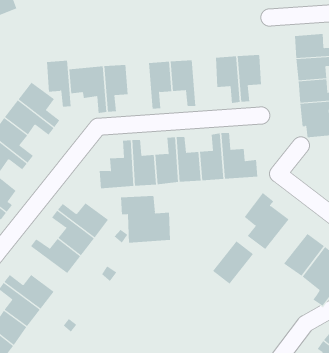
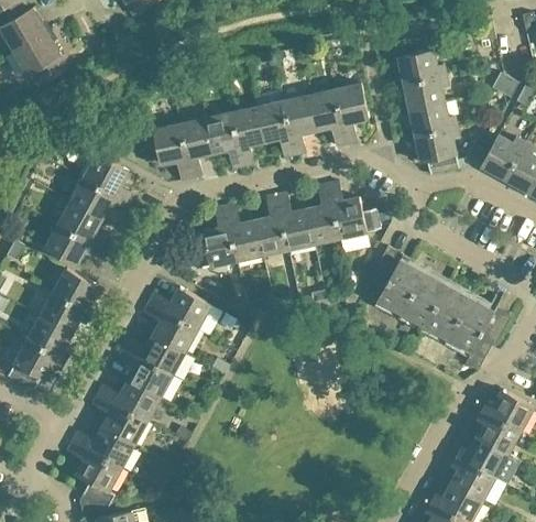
building: none -> [283,95,316,155]
building: [46,60,72,107] -> [206,112,243,168]
building: [120,195,171,244] -> none
building: [212,240,254,284] -> [401,273,447,326]
building: none -> [119,348,172,398]

